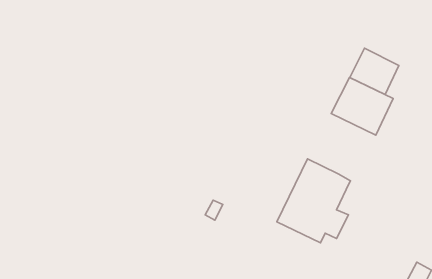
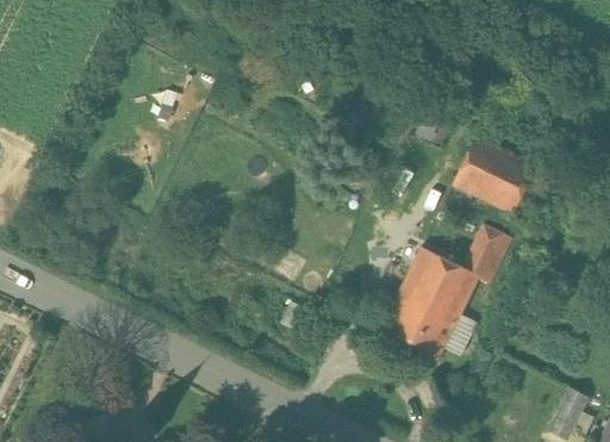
building: [350,48,399,95] -> none
building: none -> [463,223,512,282]

